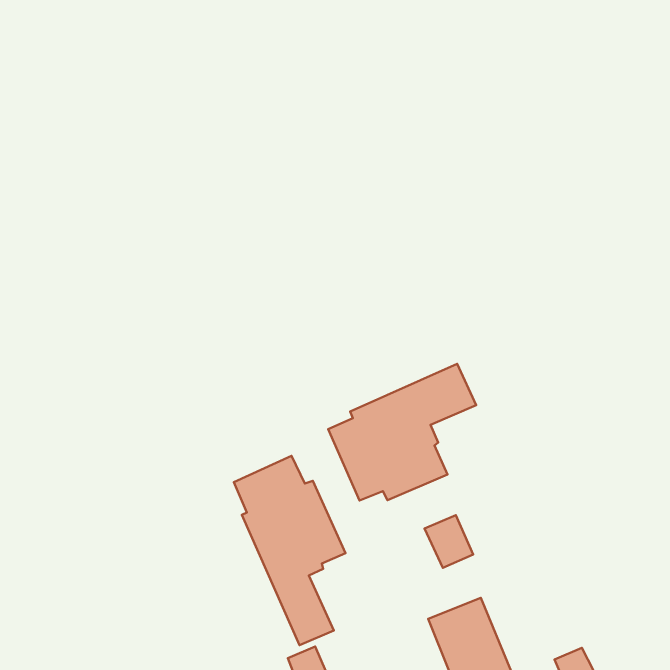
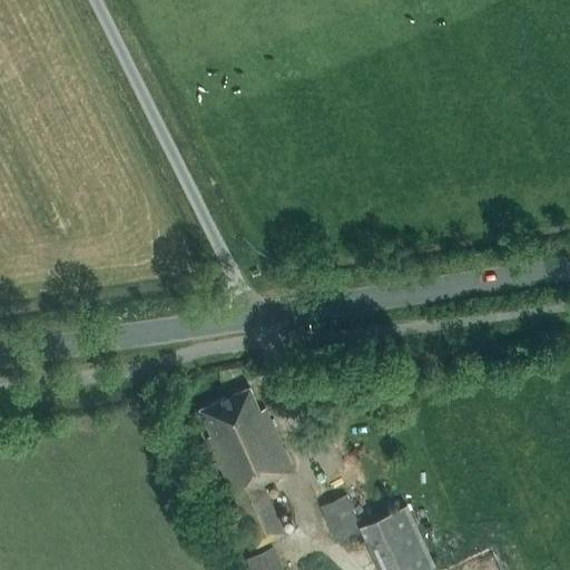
building: [328,364,476,500] -> none
building: [424,515,473,568] -> [322,495,363,540]

